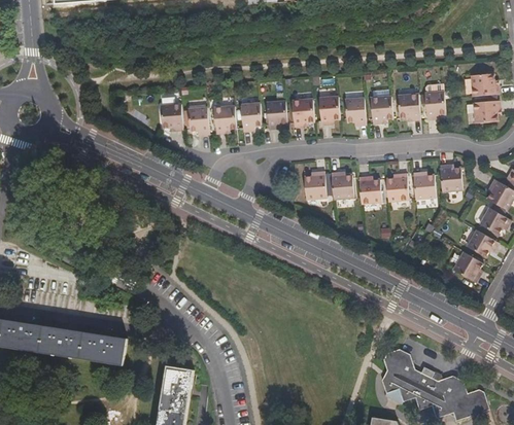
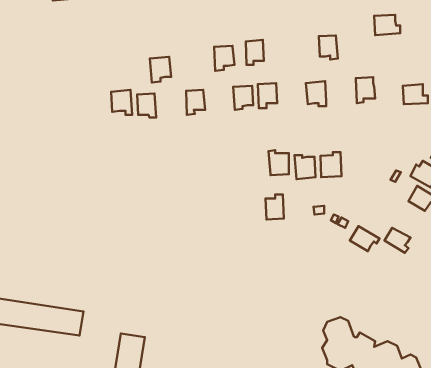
building: [470,70,498,92] -> [374,15,400,35]
building: [397,92,417,117] -> [319,35,338,59]
building: [344,95,364,121] -> [246,40,264,65]
building: [264,100,285,127] -> [214,46,234,71]
building: [212,104,235,132] -> [150,57,171,83]
building: [438,161,460,187] -> none
building: [304,168,323,194] -> [266,195,284,220]
building: [411,168,435,192] -> none
building: [465,227,496,254] -> [350,226,379,251]

